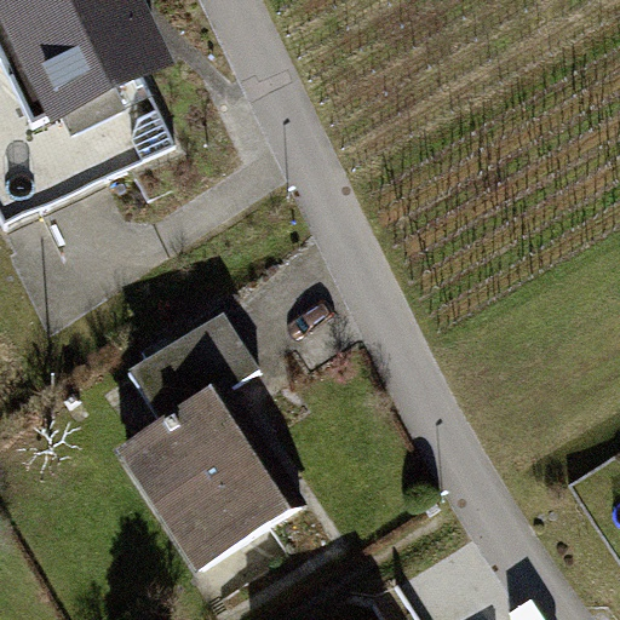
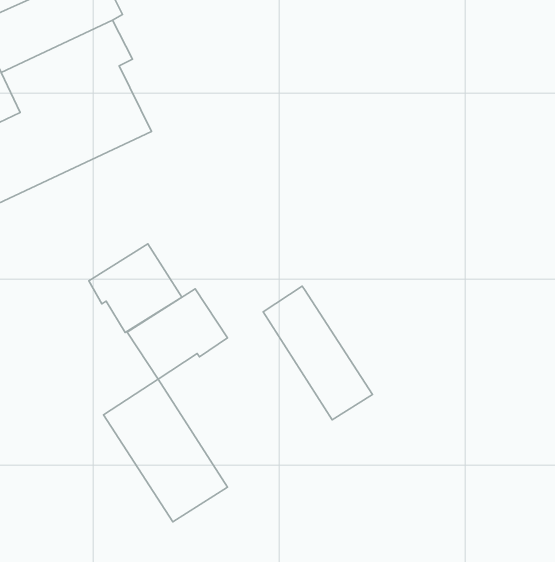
building: none -> [89,244,182,333]
building: [172,384,291,529] -> [263,286,372,420]

